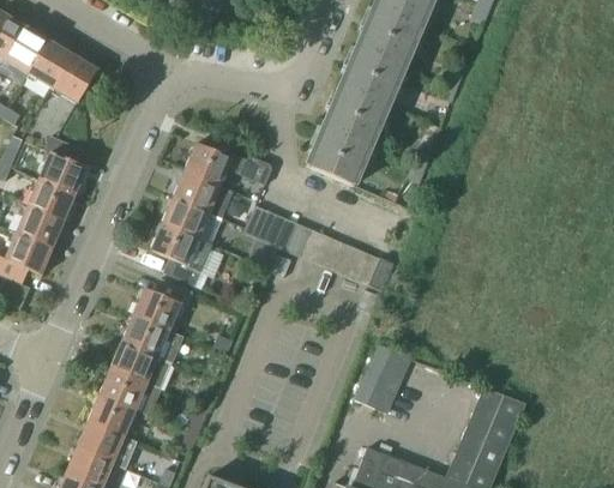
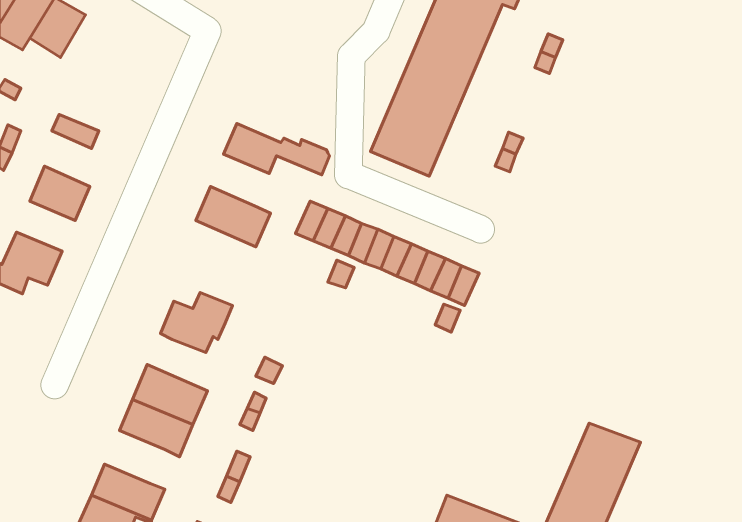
building: [52,55,97,104] -> none
building: [38,150,86,195] -> none
building: [174,169,235,217] -> none
building: [16,207,64,248] -> none
building: [150,223,212,290] -> none
building: [122,315,182,362] -> none
building: [354,345,411,416] -> none
building: [88,394,137,438] -> none

